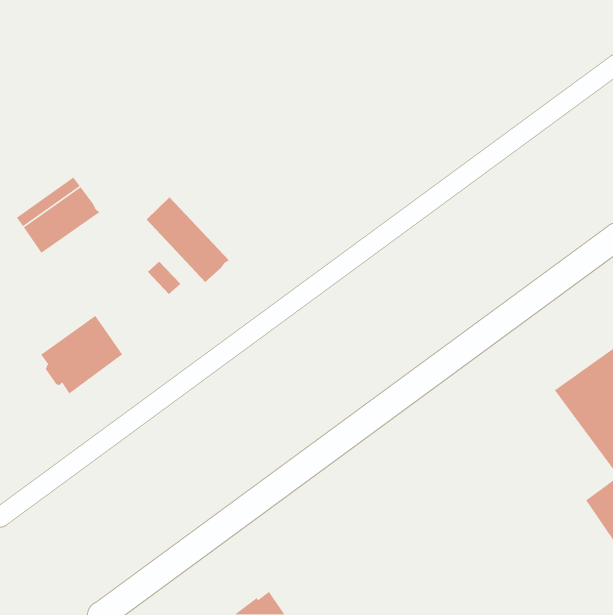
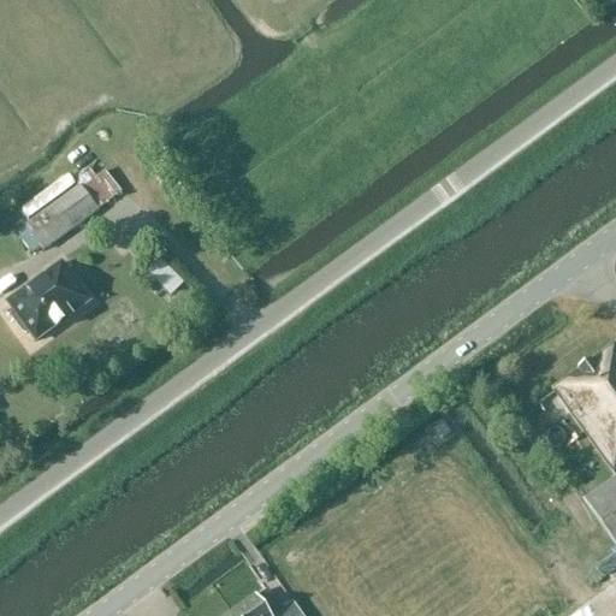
building: none -> [77,166,123,208]
building: [146,197,230,283] -> none
building: [40,315,123,394] -> [8,257,91,337]

